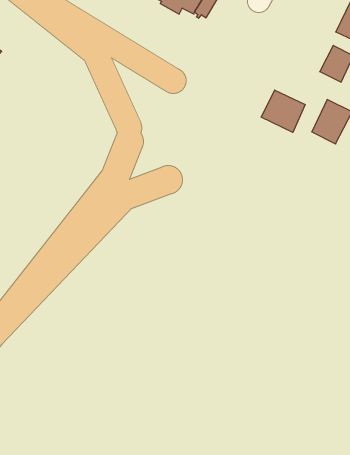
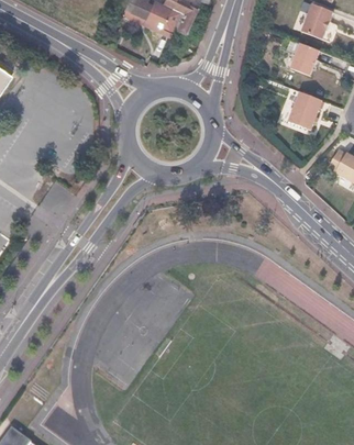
building: [261,90,305,132] -> none

